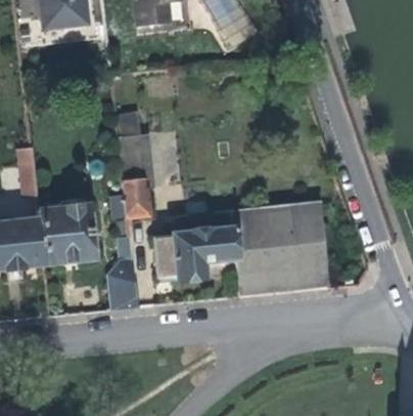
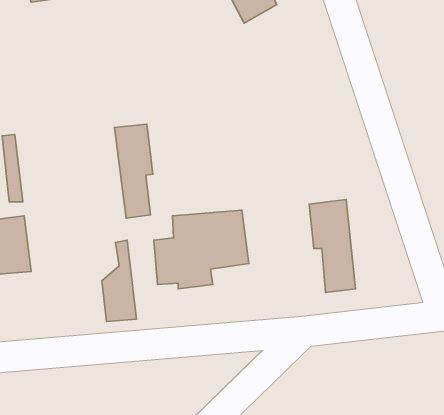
building: [37,200,93,267] -> none
building: [230,208,304,292] -> none

